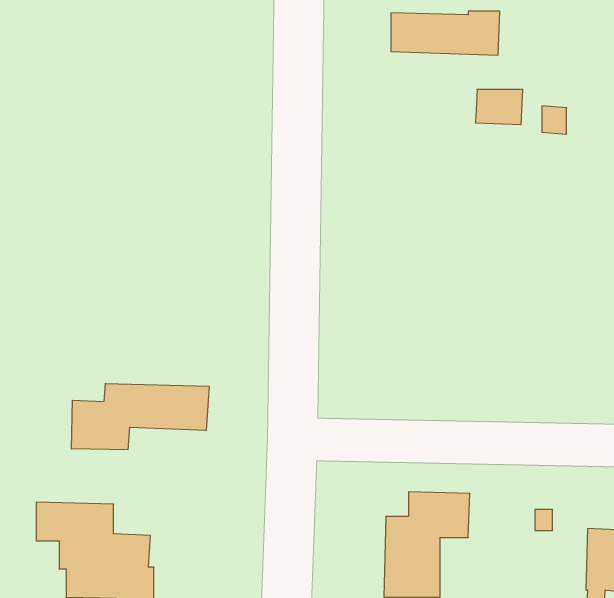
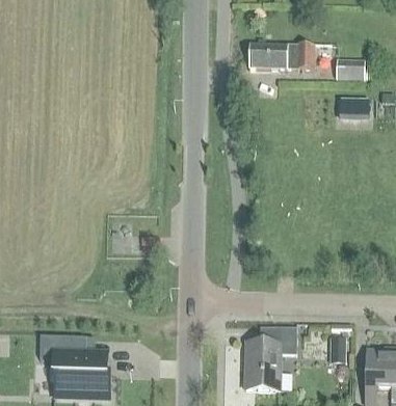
building: [475,89,523,125] -> [336,58,364,79]
building: [71,383,209,450] -> none

